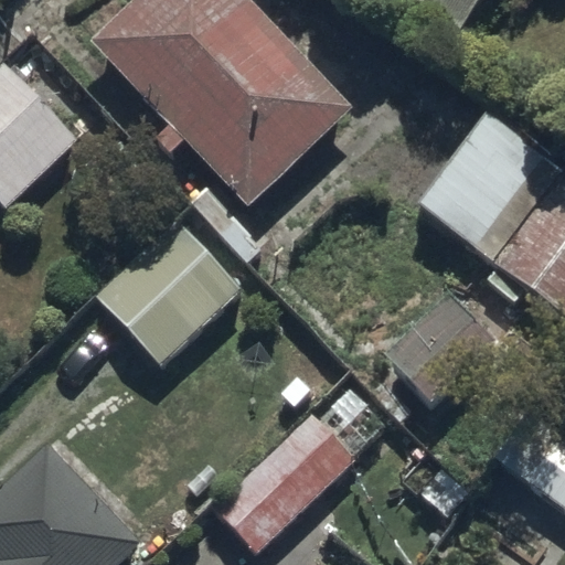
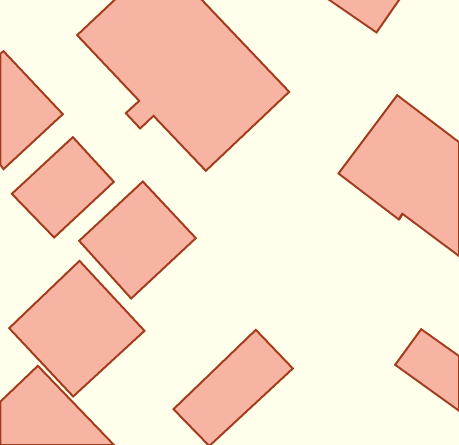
building: none -> [12,137,114,238]
building: none -> [9,261,144,397]

